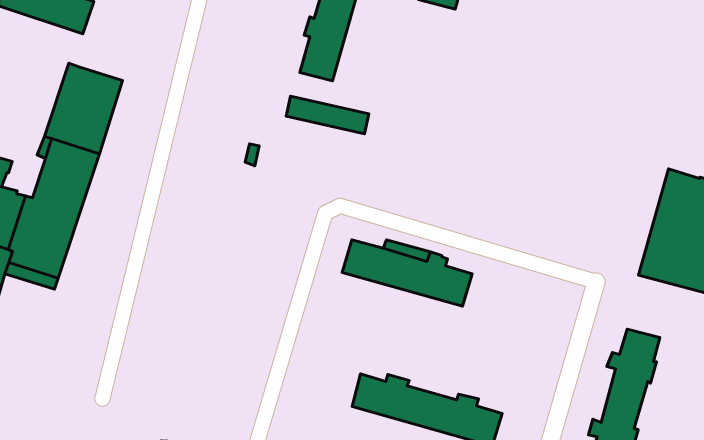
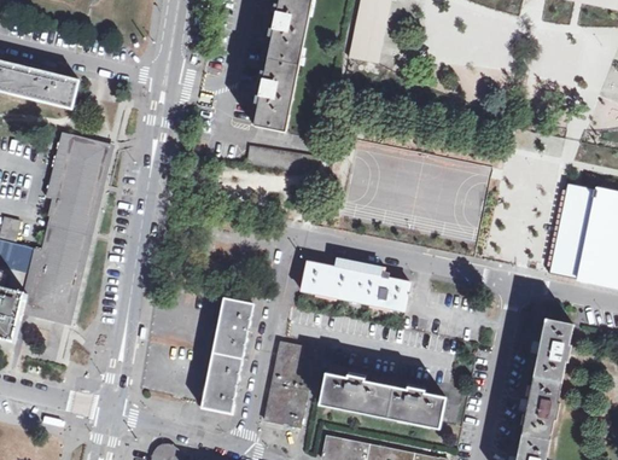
building: none -> [202,298,253,412]
building: none -> [263,339,315,425]

